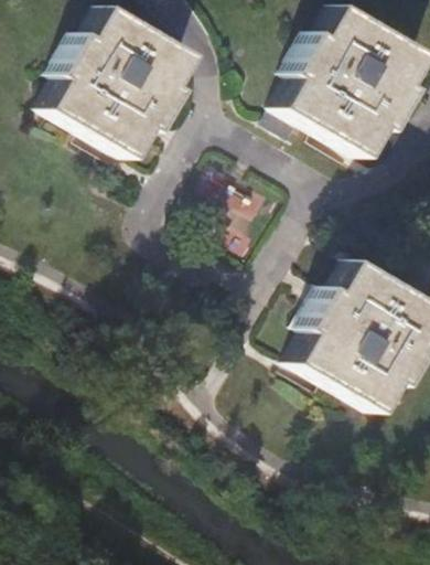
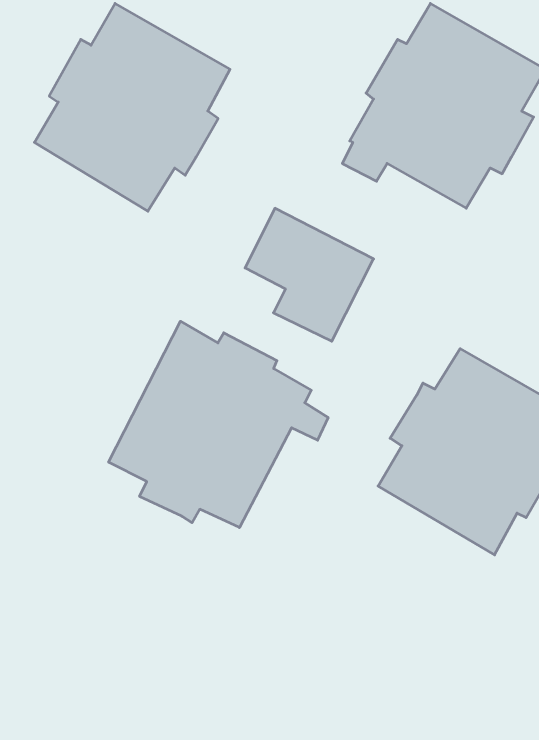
building: none -> [109,321,328,528]

